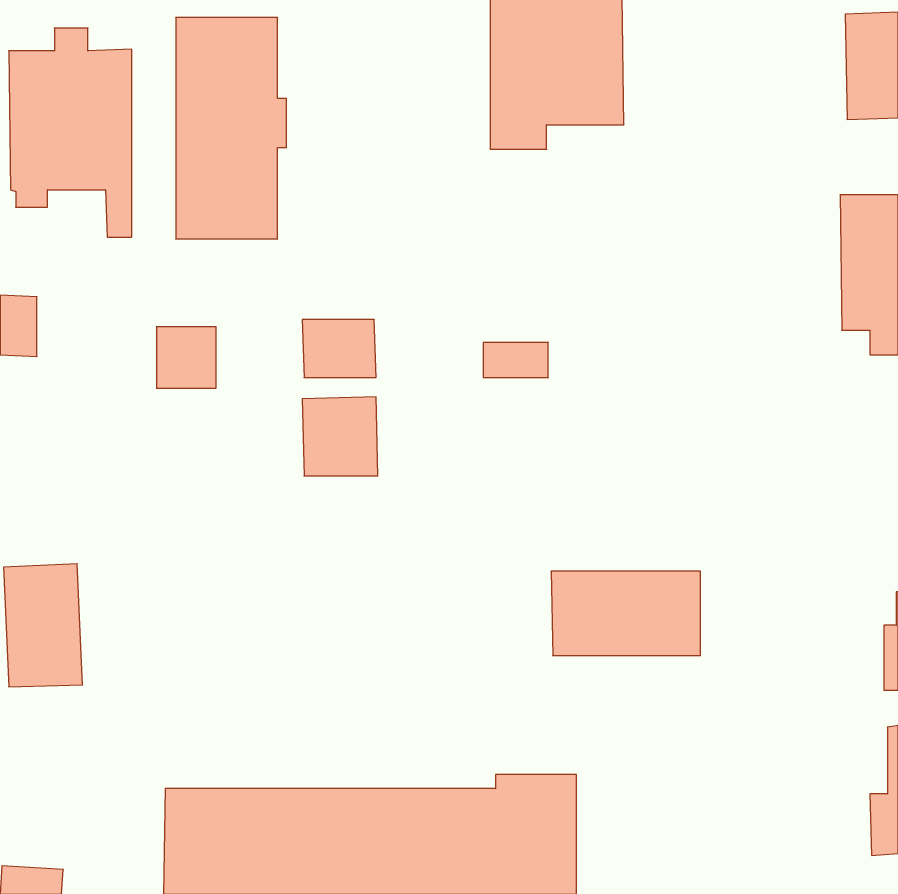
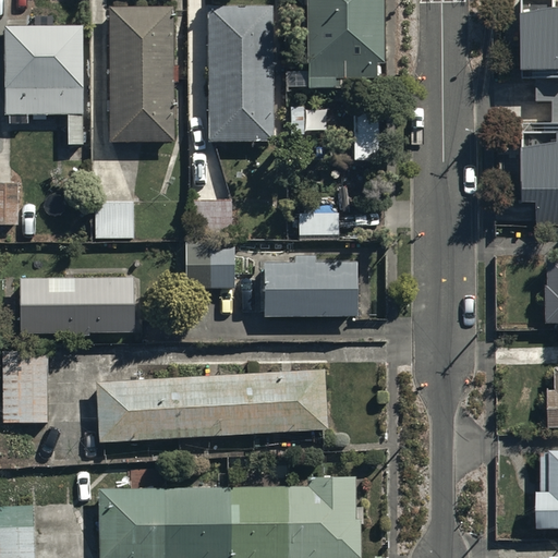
building: none -> [208,4,270,144]
building: none -> [19,278,135,340]
building: [551,571,700,656] -> [264,262,356,314]
building: none -> [101,371,325,441]

